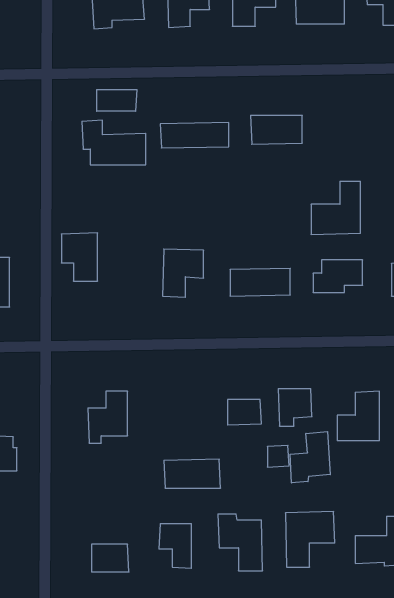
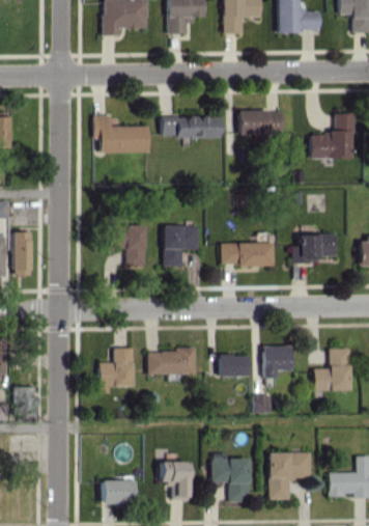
building: [97,90,137,111] -> none
building: [311,181,360,234] -> [311,113,353,159]
building: [61,233,98,281] -> [115,224,146,266]
building: [290,432,330,483] -> none
building: [164,459,221,488] -> [147,349,196,373]

